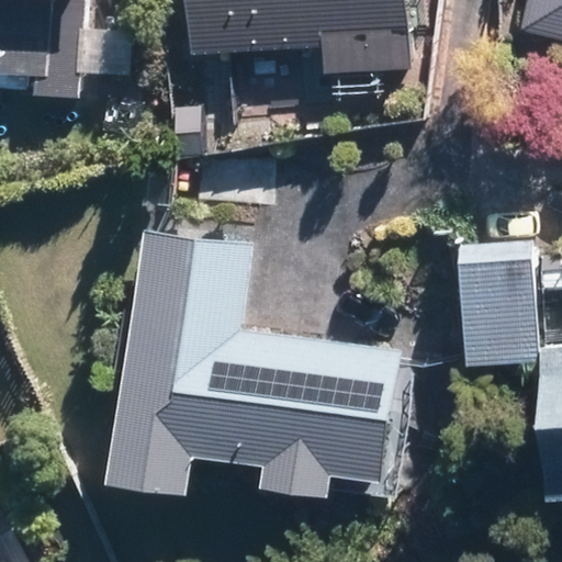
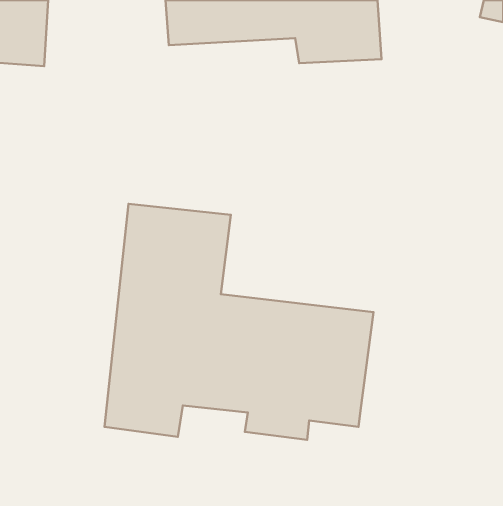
building: [456,240,541,362] -> none

